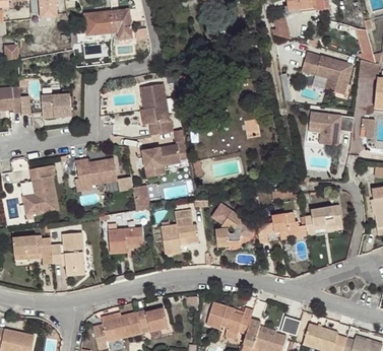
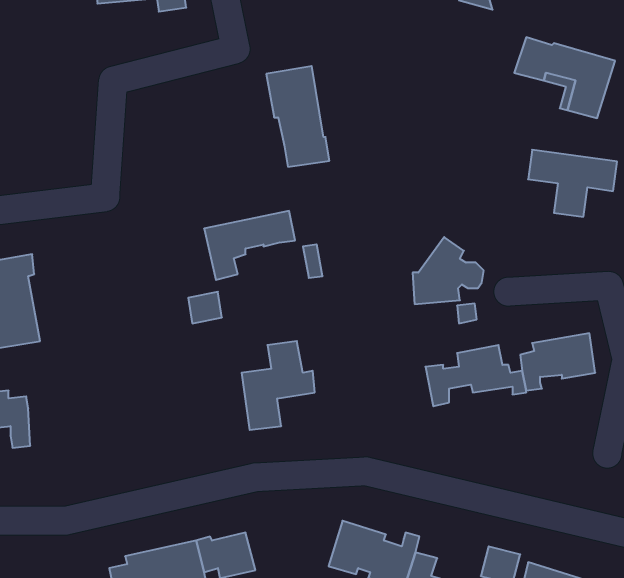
building: [139,82,172,134] -> [266,66,329,167]
building: [41,92,71,117] -> none
building: [75,157,117,190] -> none
building: [215,210,252,244] -> [413,237,484,304]
building: [108,224,142,253] -> none
building: [51,232,84,275] -> none

